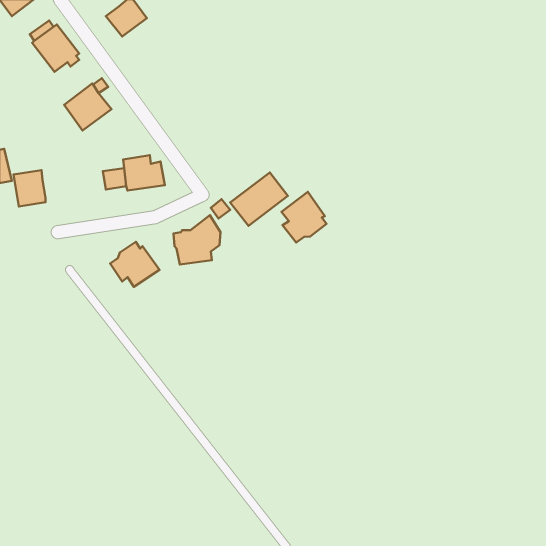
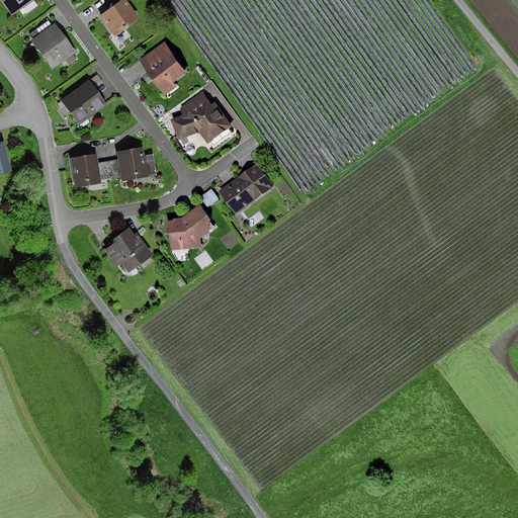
building: none -> [139,42,185,94]
building: none -> [170,91,232,143]
building: [14,170,46,207] -> [70,153,100,187]
building: [282,192,327,242] -> none

